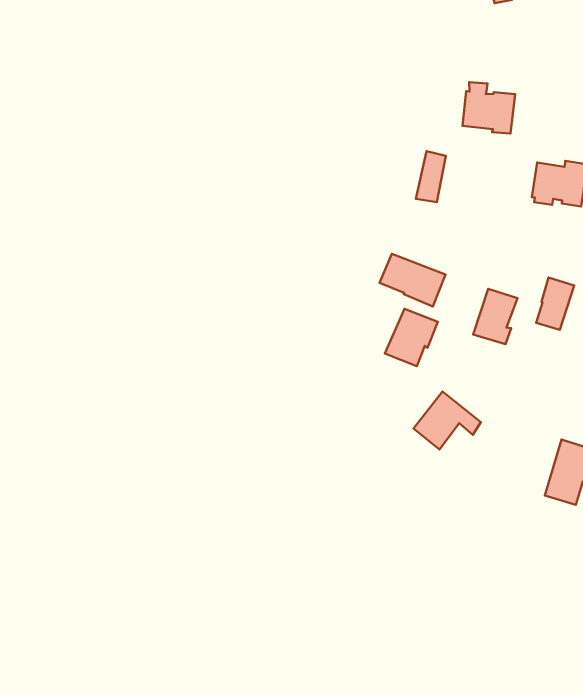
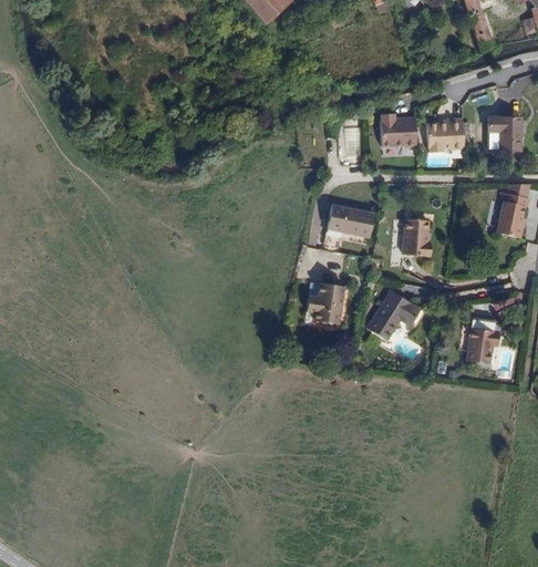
building: [462,82,515,134] -> [380,112,416,146]
building: [536,277,574,330] -> none
building: [385,309,438,366] -> [310,282,344,322]

